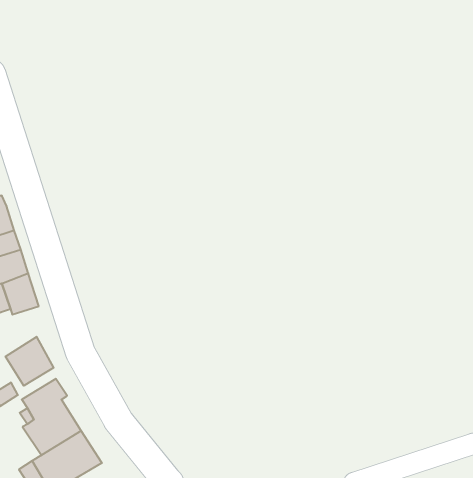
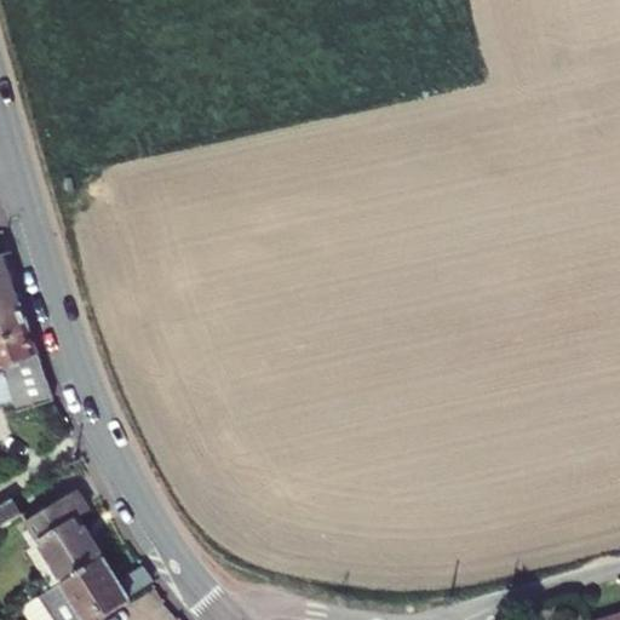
building: [6,337,54,386] -> none

